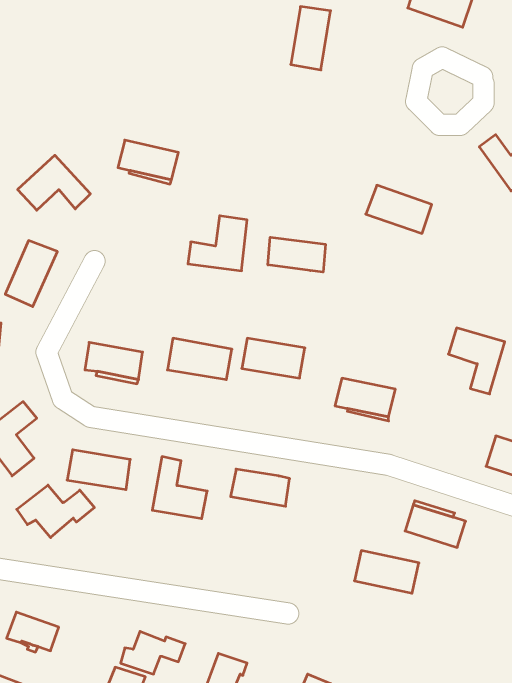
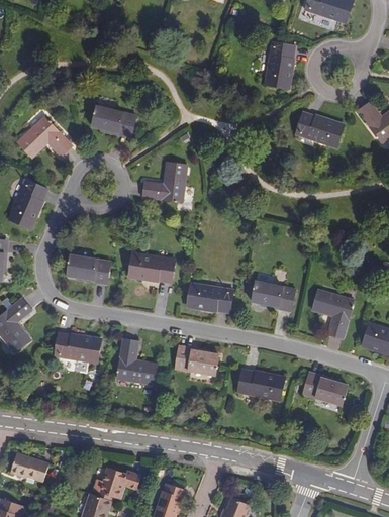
building: [291,7,331,70] -> [266,42,295,89]
building: [366,185,432,233] -> [295,112,344,147]
building: [268,237,325,272] -> none
building: [448,328,505,394] -> [312,290,354,338]
building: [242,338,305,378] -> [187,283,233,312]
building: [17,485,94,538] -> none
building: [354,551,419,593] -> [237,369,285,400]

